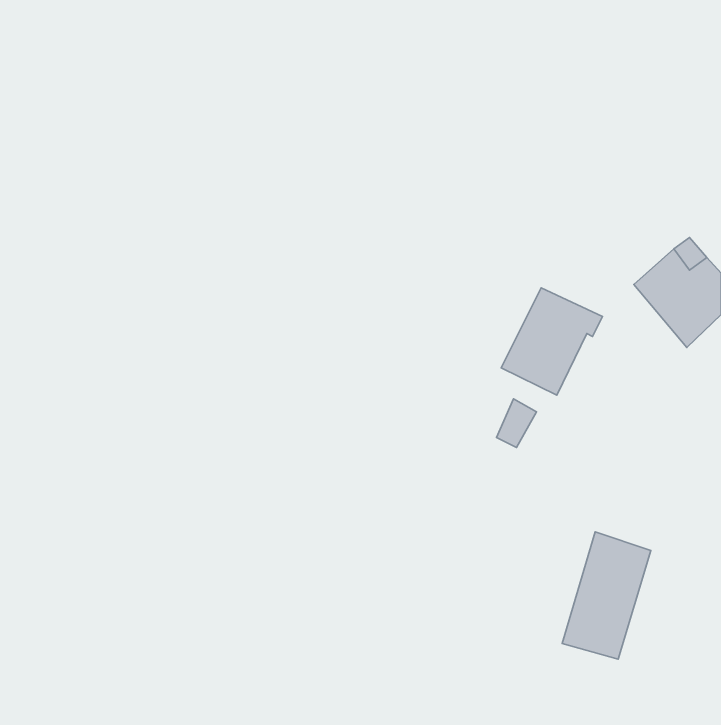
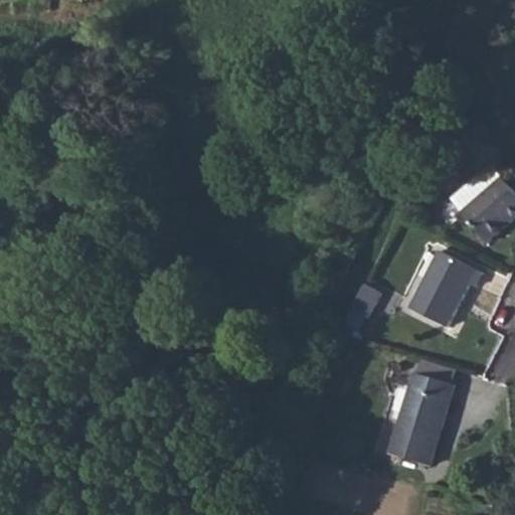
building: [501,288,603,395] -> [406,249,478,325]

